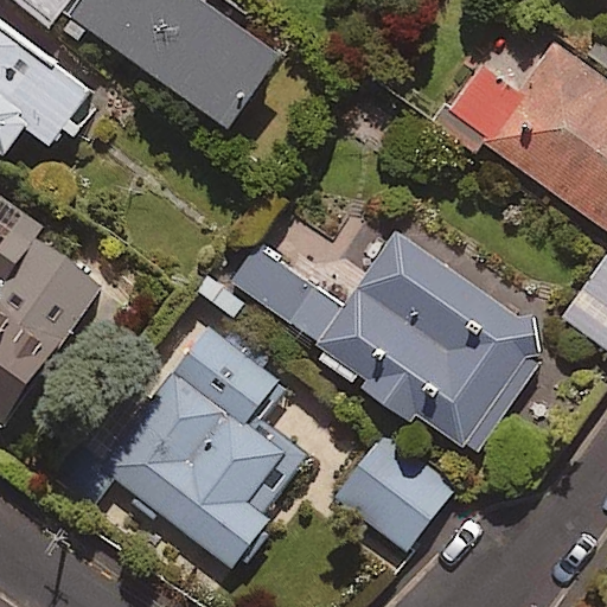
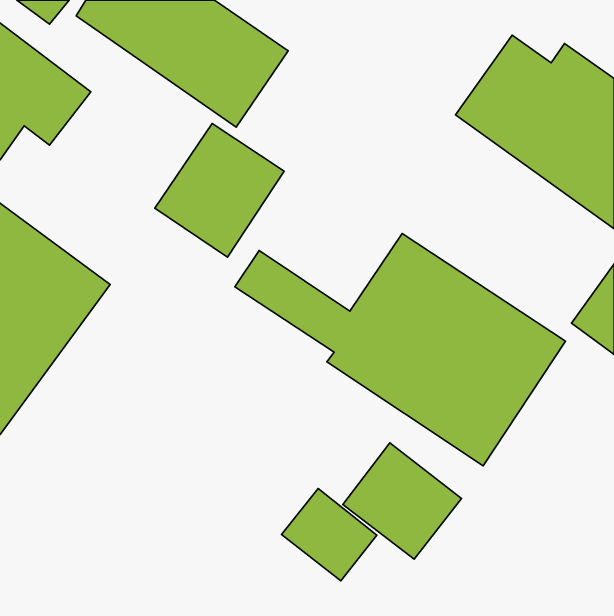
building: none -> [155,124,284,257]
building: [68,322,305,568] -> none
building: none -> [281,488,377,581]

